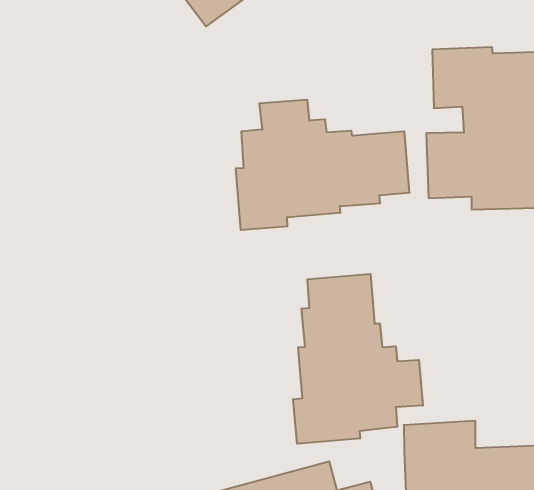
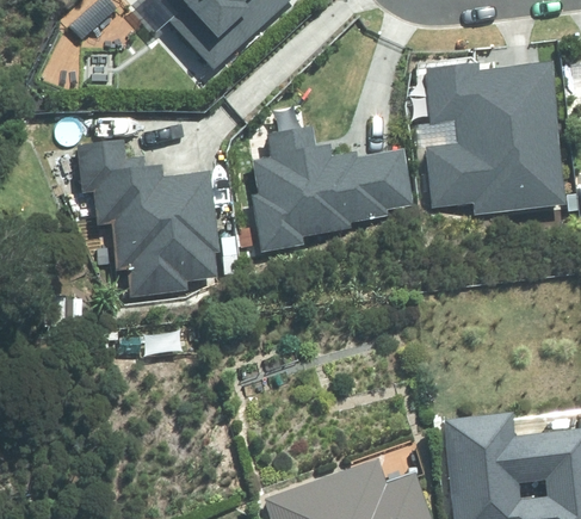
building: none -> [78,141,221,298]
building: [293,274,423,444] -> none

